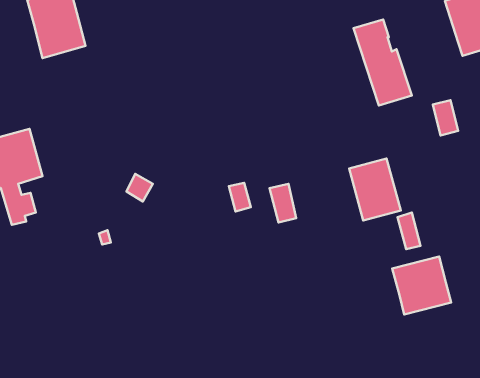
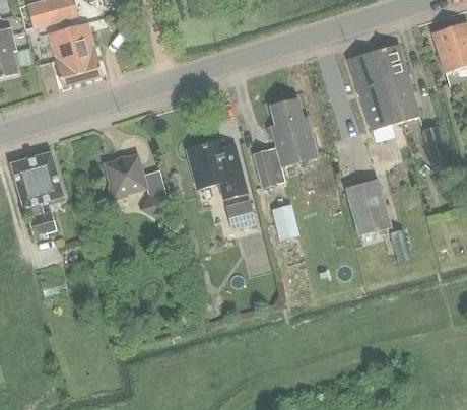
building: none -> [376,44,418,121]
building: none -> [254,98,316,187]
building: none -> [186,139,246,198]
building: none -> [104,153,146,200]
building: [392,257,451,315] -> none

